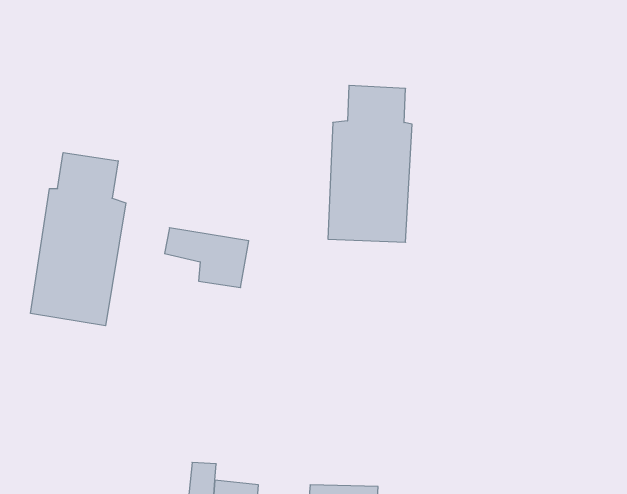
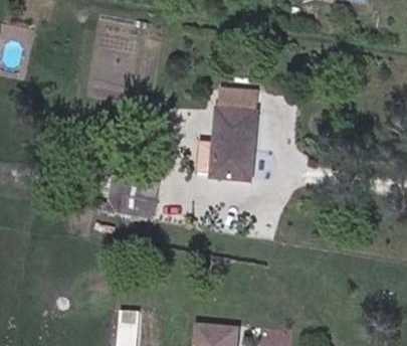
building: [31,153,126,326] -> none

